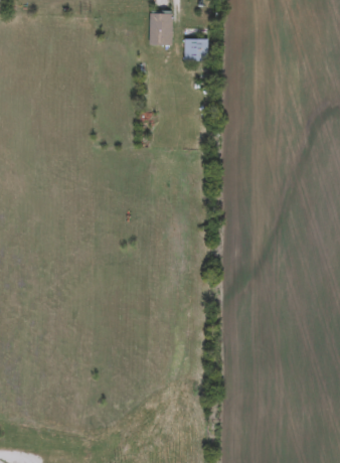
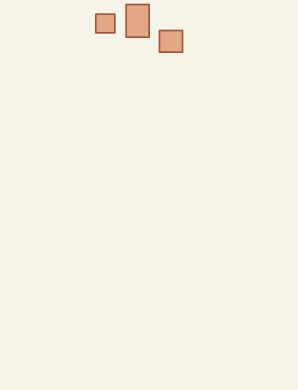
building: none -> [96,14,115,33]

